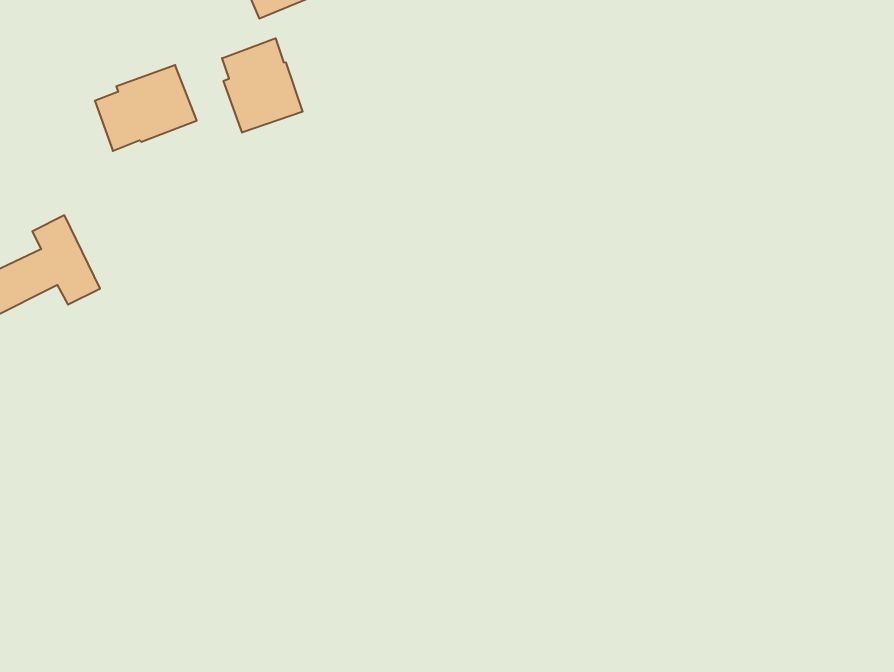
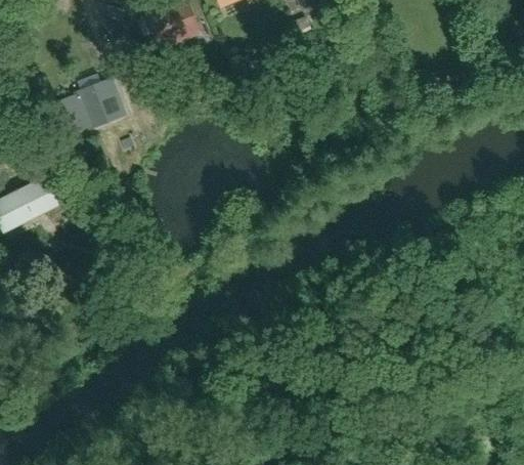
building: [222,38,303,133] -> none

